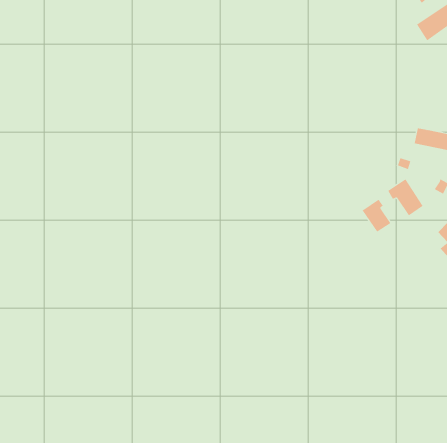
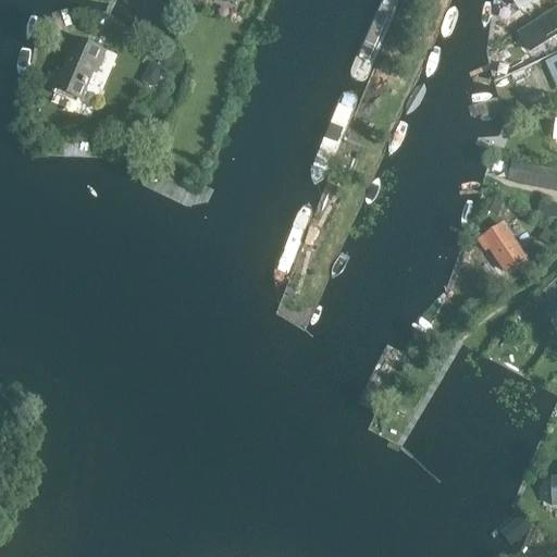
building: none -> [54,40,107,96]
building: [362,199,391,232] -> none

